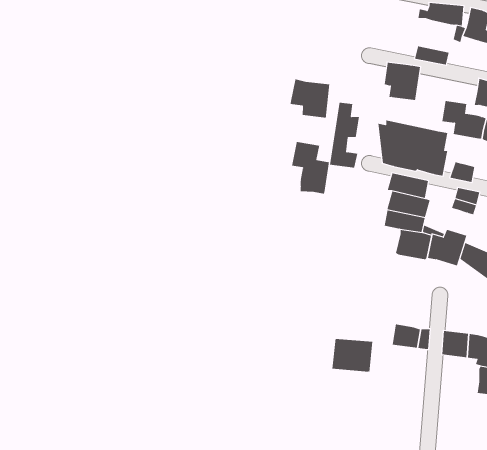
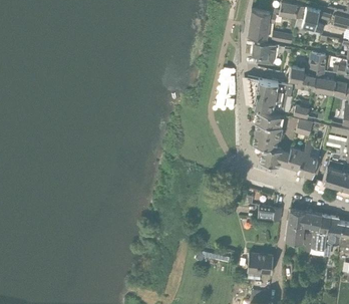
building: none -> [249,10,282,39]
building: [290,78,330,118] -> none
building: [292,141,330,194] -> none
building: [331,338,373,372] -> [248,254,274,275]
building: none -> [286,225,312,259]

